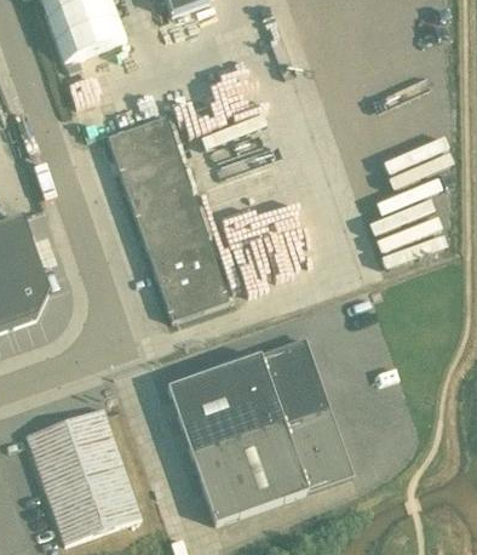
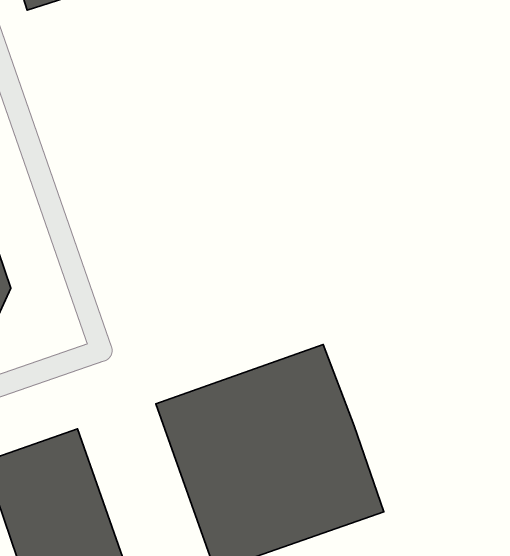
building: [107,115,229,320] -> none

